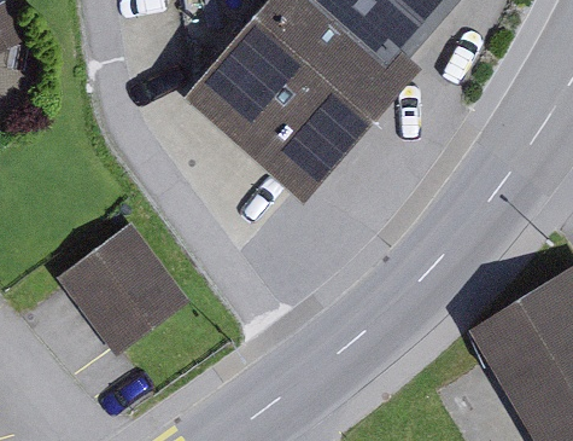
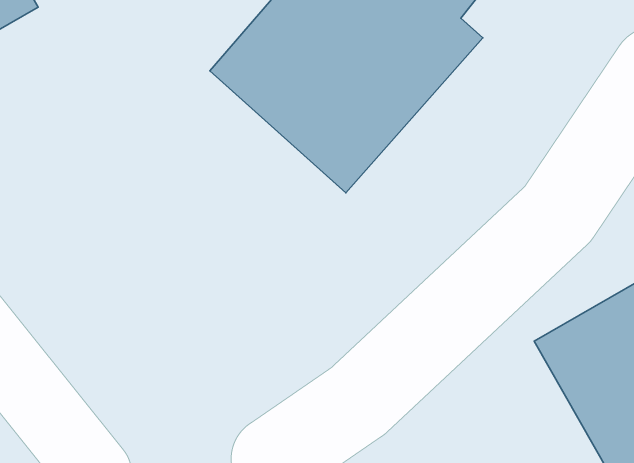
building: [59,227,191,360] -> none

